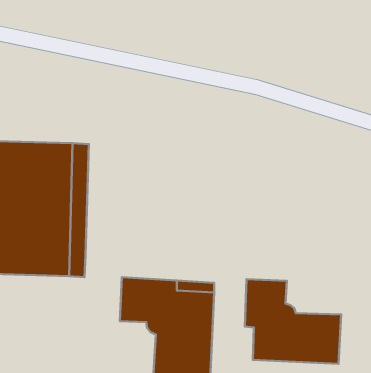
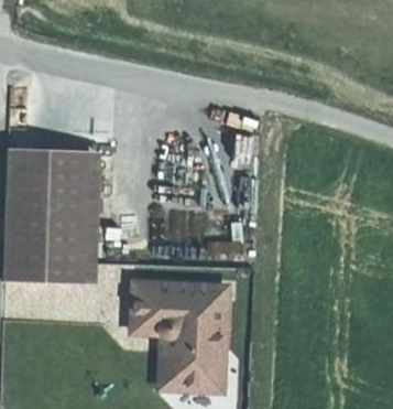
building: [245,279,341,364] -> none

